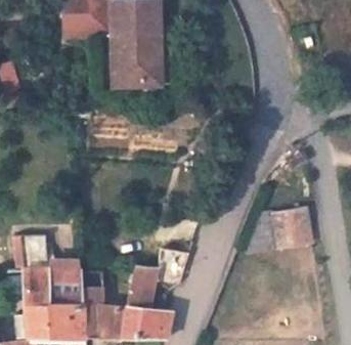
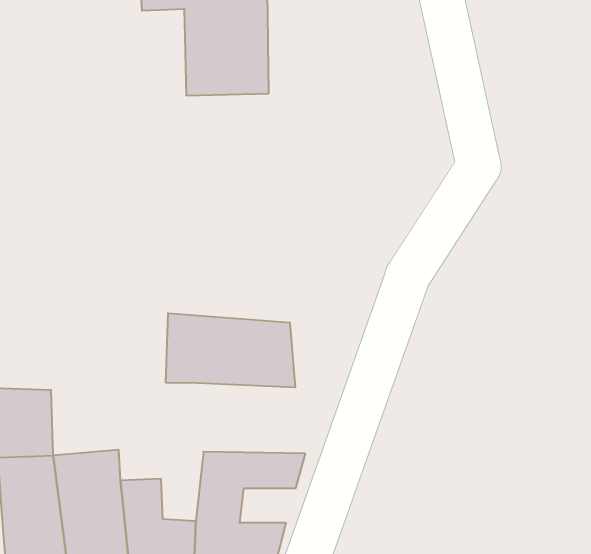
building: none -> [166,313,295,388]
building: [268,220,302,255] -> none

